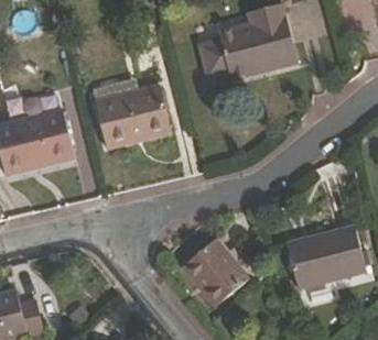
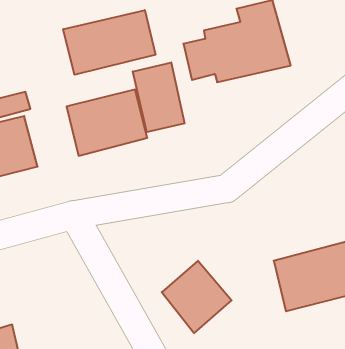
building: none -> [63,10,155,75]
building: none -> [133,62,185,132]

